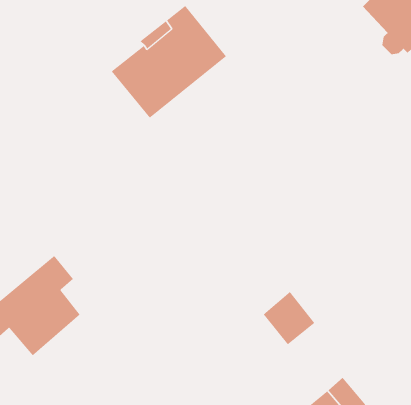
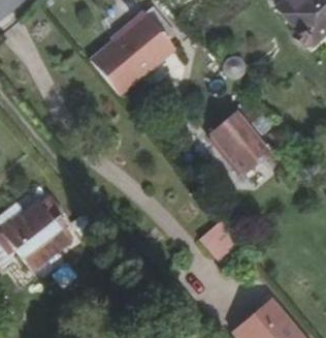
building: none -> [207,115,273,181]

